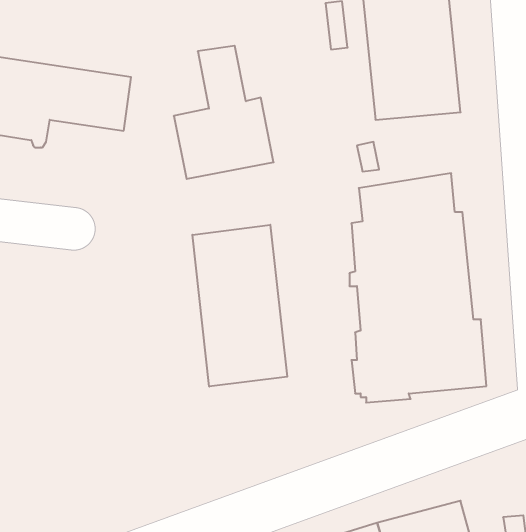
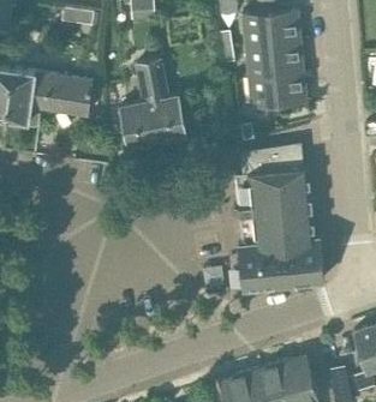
building: [192,225,287,387] -> none

